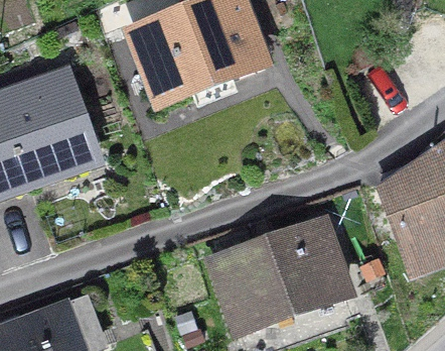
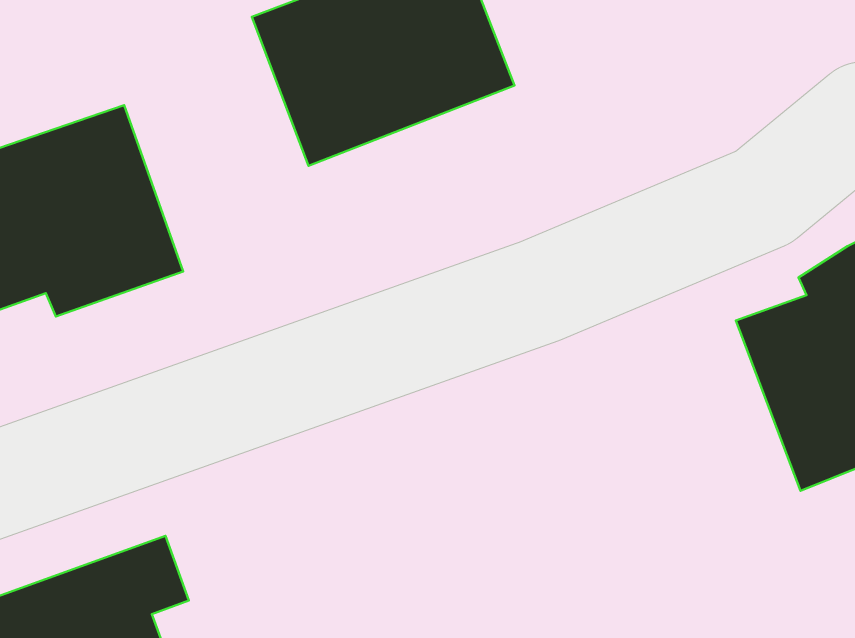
building: [214,223,342,324] -> none

